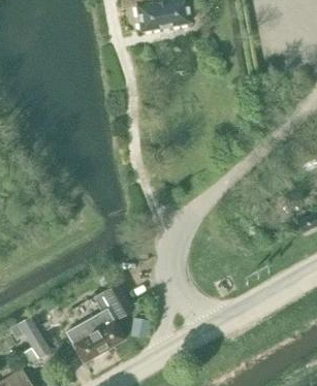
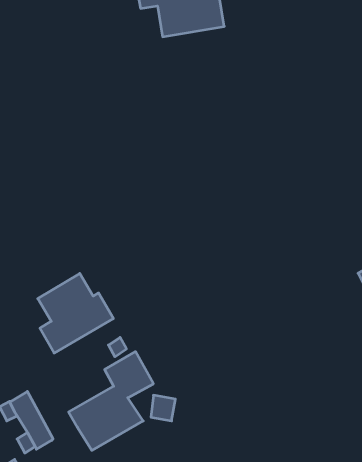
building: none -> [38,273,113,353]

